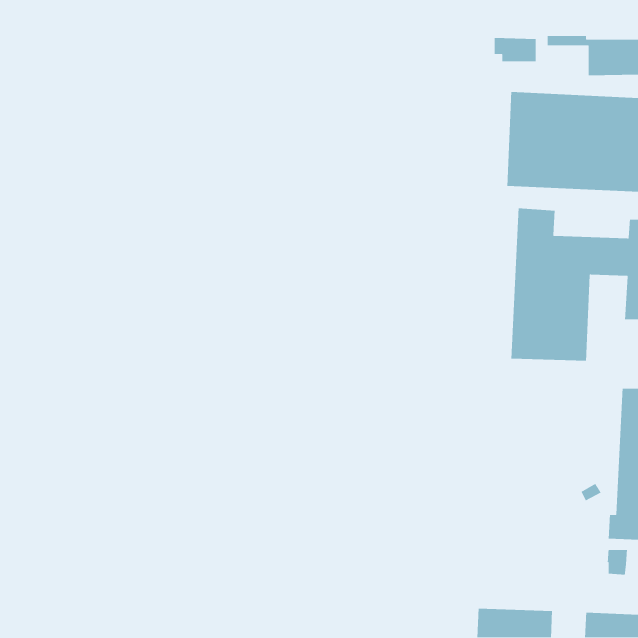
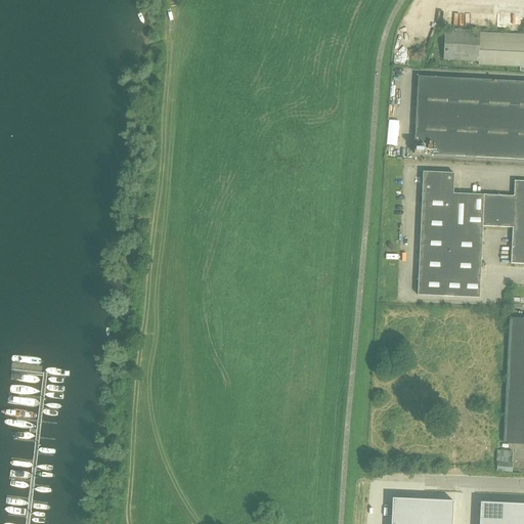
building: [494,37,536,62] -> [446,38,481,58]

